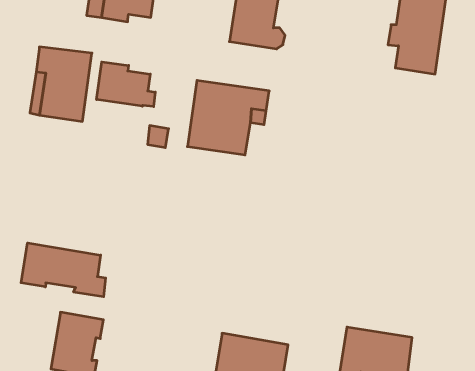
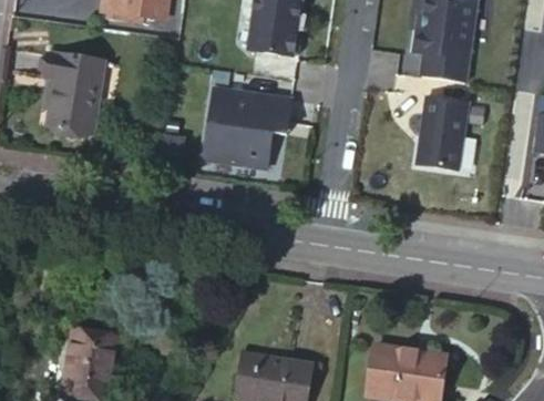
building: [97,62,155,107] -> none
building: none -> [417,94,469,167]
building: [21,243,106,297] -> none

